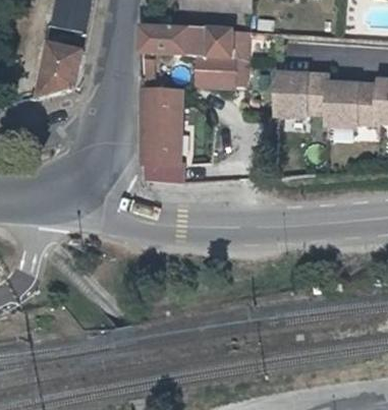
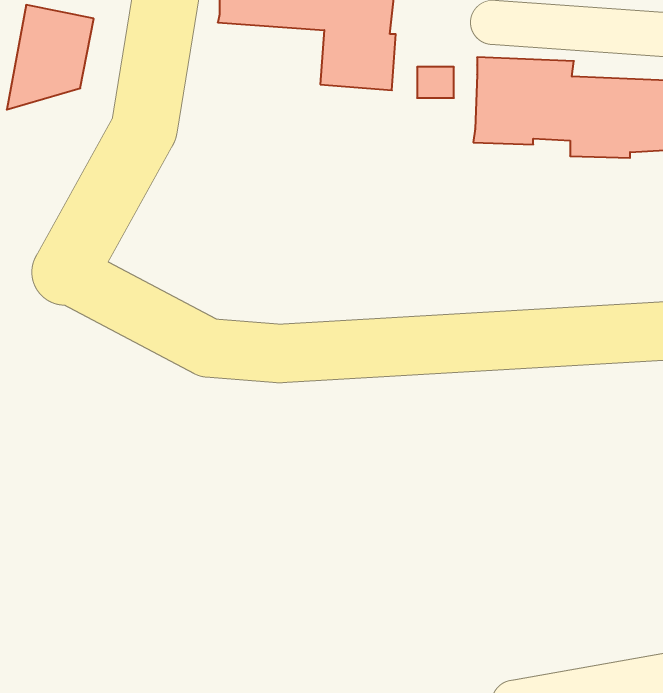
building: [144,94,183,180] -> none

